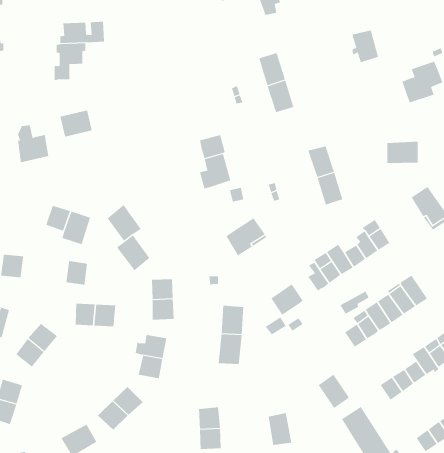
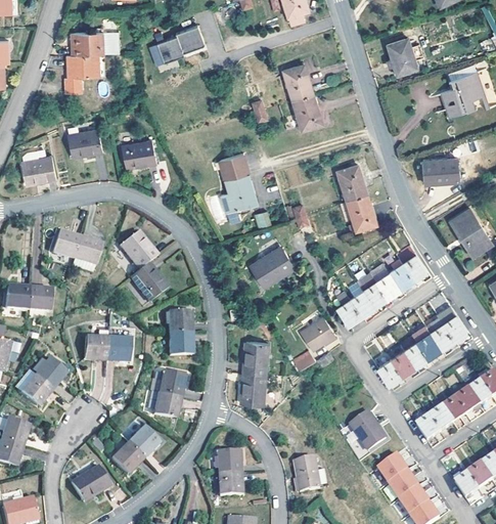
building: none -> [156,27,206,64]
building: none -> [122,136,159,166]
building: [65,261,88,285] -> [27,286,51,312]

